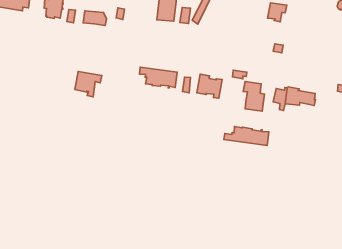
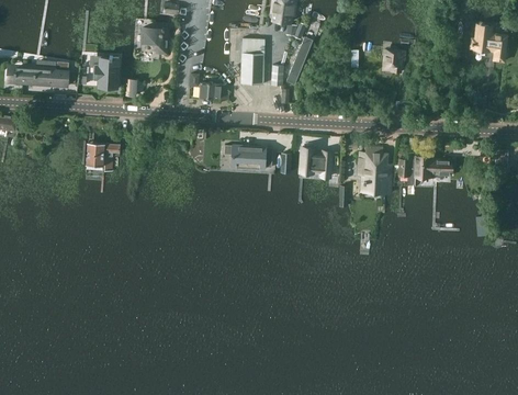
building: [83,11,107,26] -> [198,83,227,100]
building: [75,72,102,97] -> [87,142,120,172]
building: [224,127,269,145] -> none

